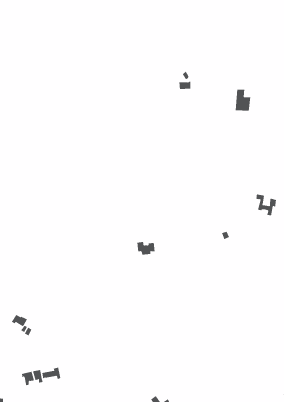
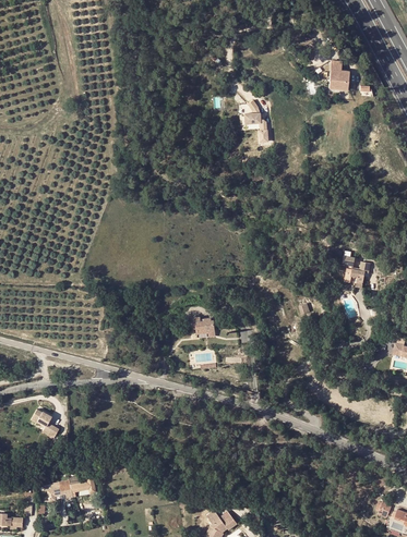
building: [235,89,251,111] -> [328,62,349,90]

